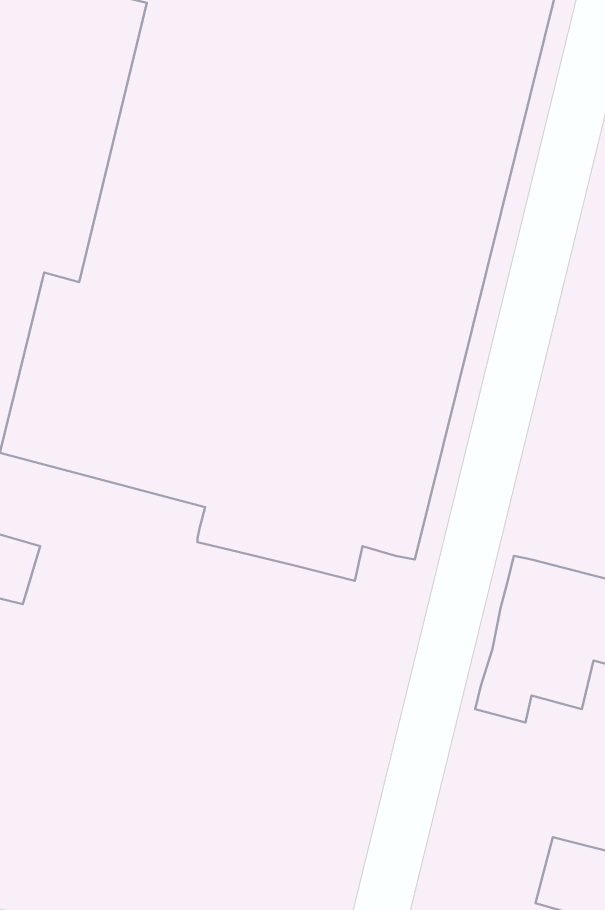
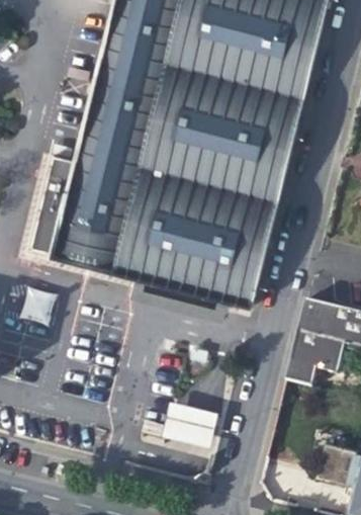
building: none -> [163,398,218,444]

